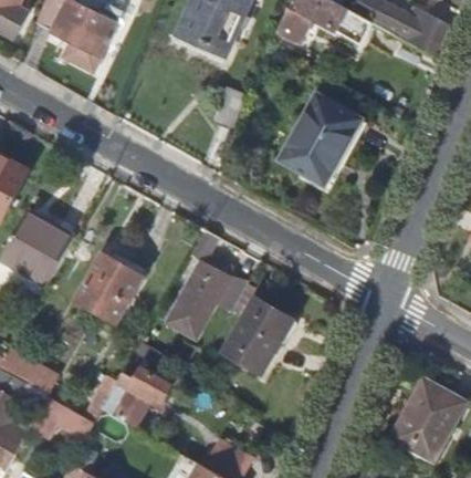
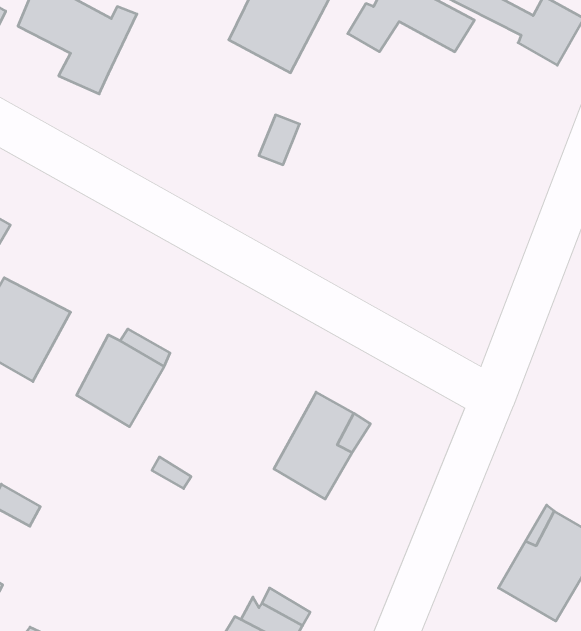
building: [279,97,354,184] -> none
building: [163,229,247,339] -> none
building: [101,368,174,426] -> none
building: [30,394,94,437] -> none

